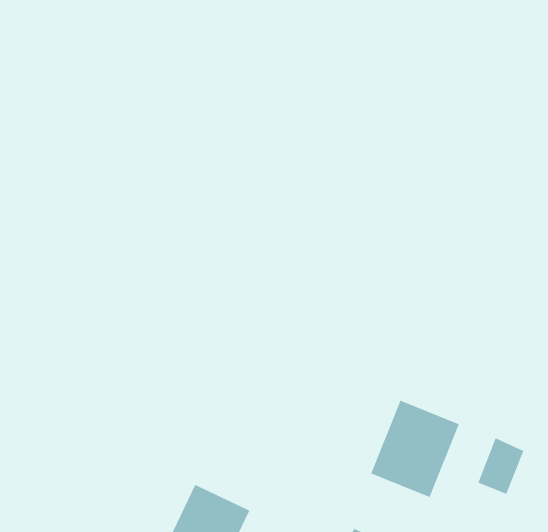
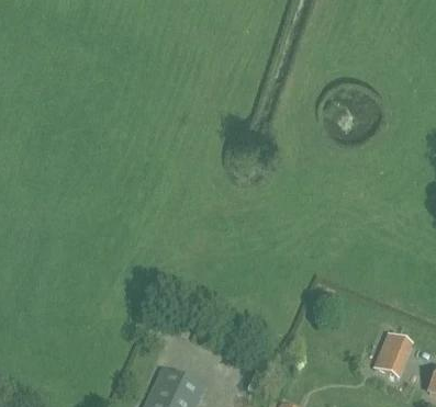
building: [371,400,459,498] -> none

